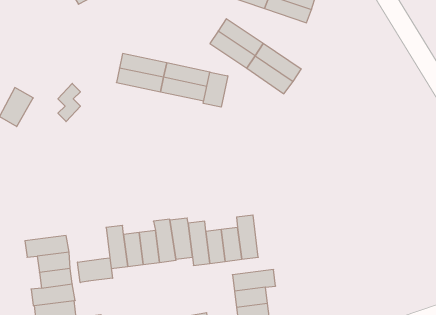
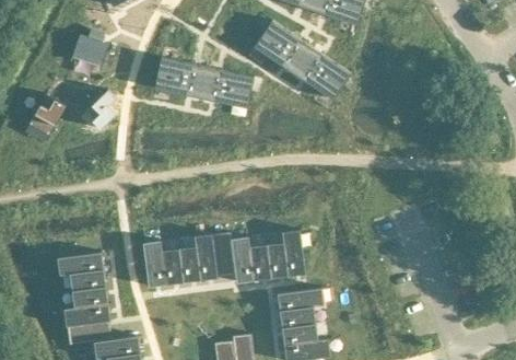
building: none -> [72,31,108,65]
building: [203,72,228,107] -> none
building: [78,258,113,283] -> none

